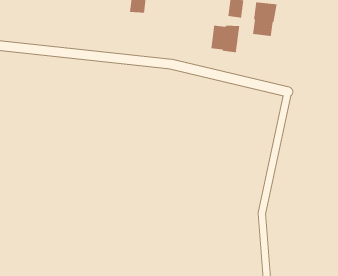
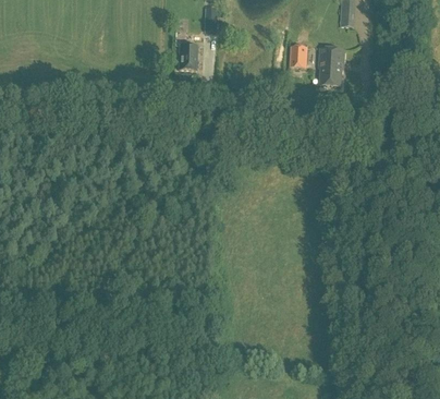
building: [211,25,240,53] -> none

